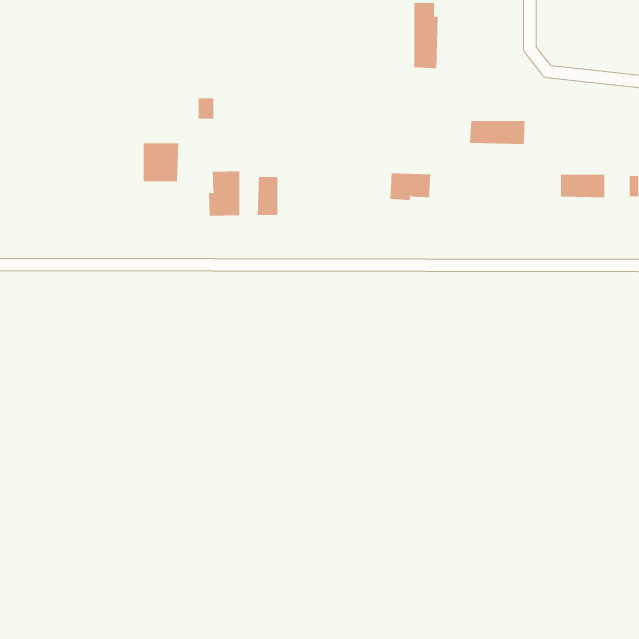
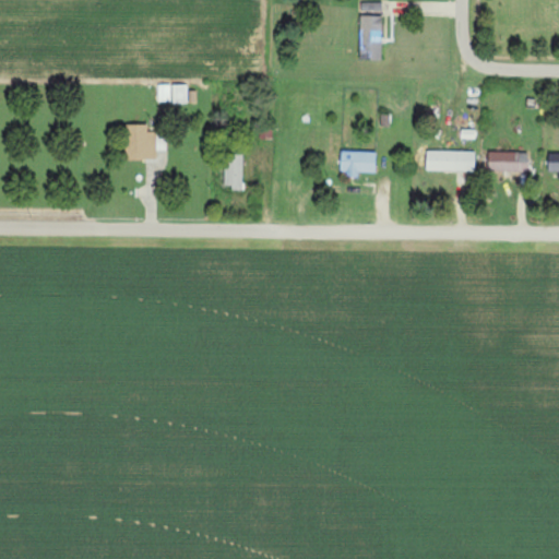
building: [469,121,526,144] -> [426,152,475,173]
building: [209,171,240,216] -> none

